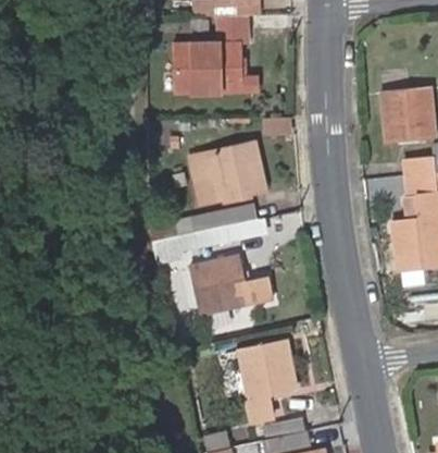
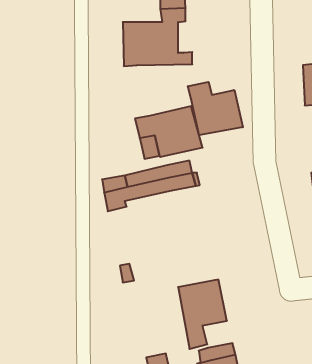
building: none -> [188,82,243,135]
building: [191,254,273,314] -> none

